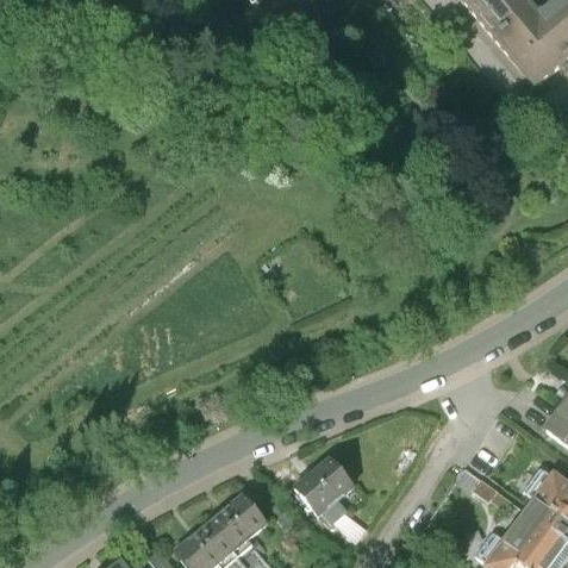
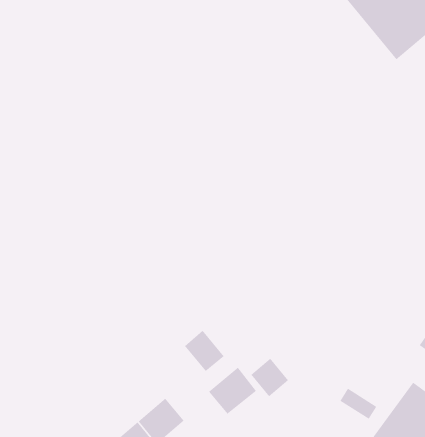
building: none -> [184,330,224,372]
building: none -> [251,358,289,397]

